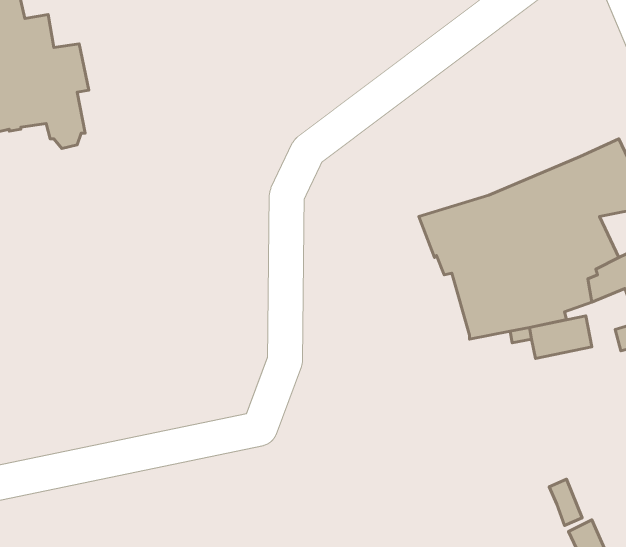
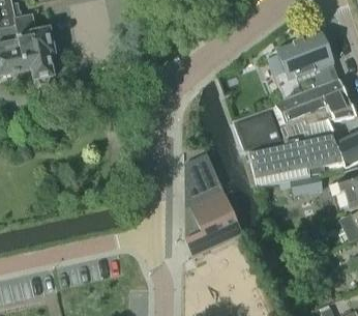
building: none -> [273,30,332,98]
building: none -> [184,152,242,255]

